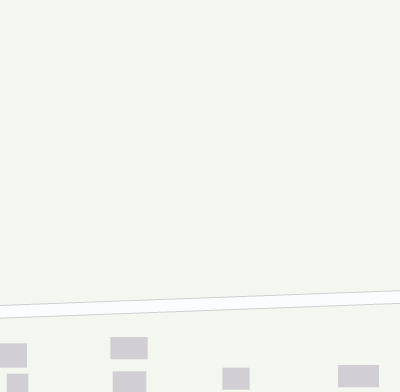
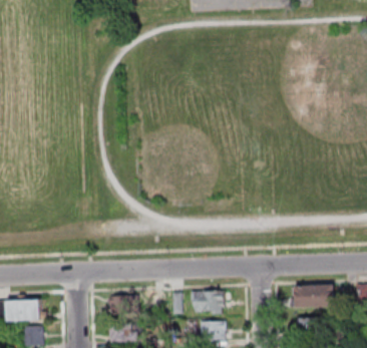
building: none -> [293,286,336,307]
building: none -> [194,292,224,313]

